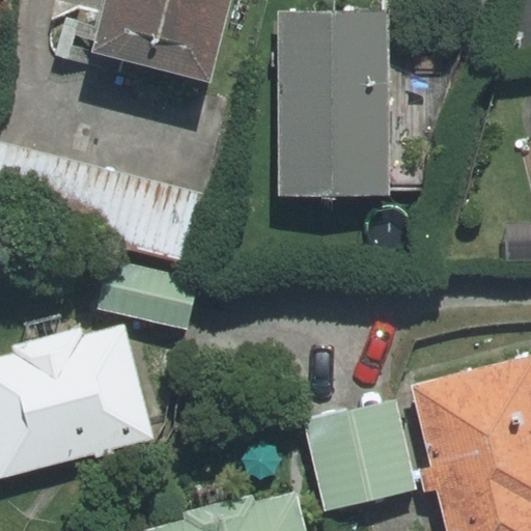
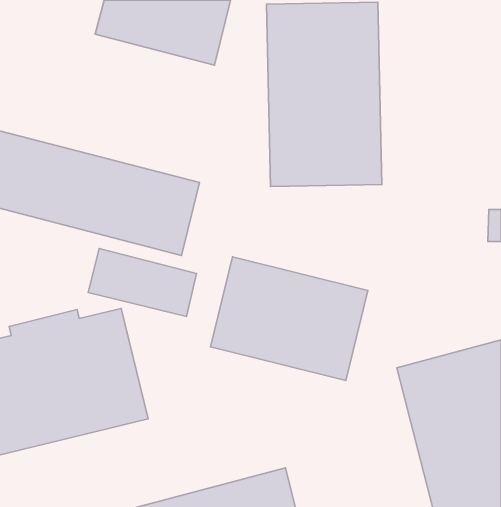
building: none -> [210,257,368,381]
building: [303,399,412,514] -> none

